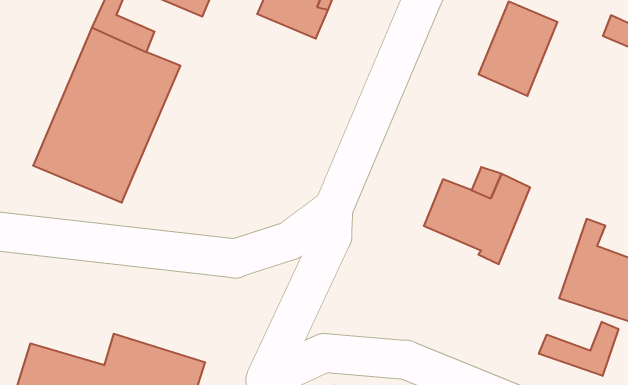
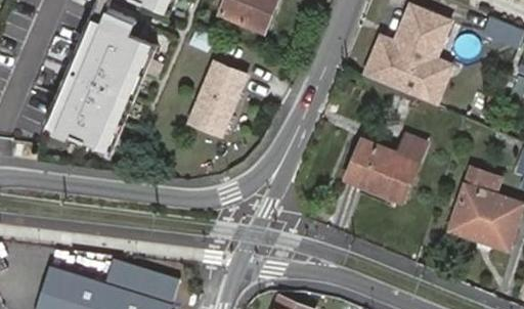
building: none -> [360,54,438,104]
building: none -> [193,64,247,135]
building: [539,322,618,376] -> none

